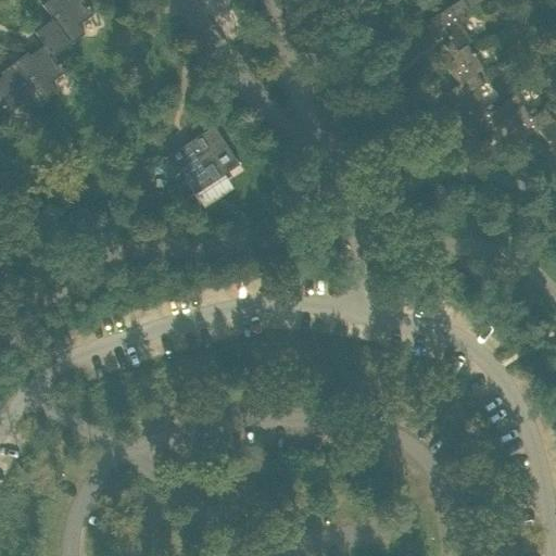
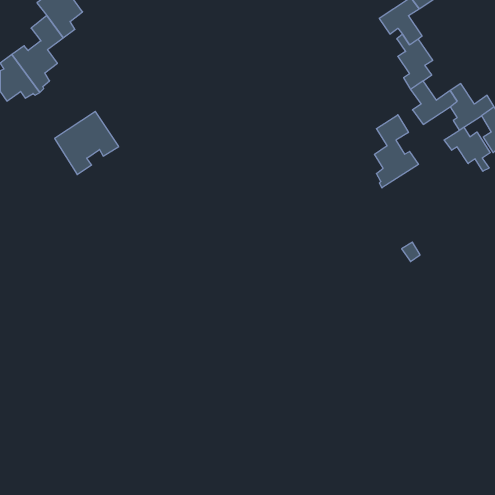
building: [169,124,241,194] -> [55,111,119,175]
building: none -> [374,115,418,188]
building: none -> [444,127,490,171]

